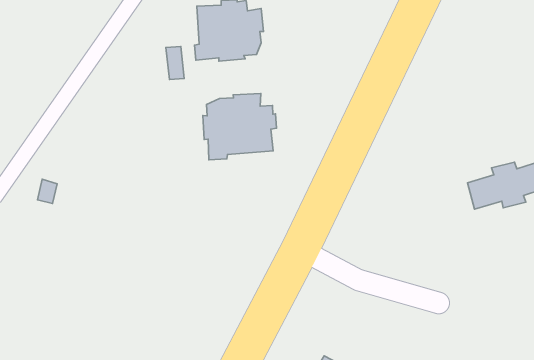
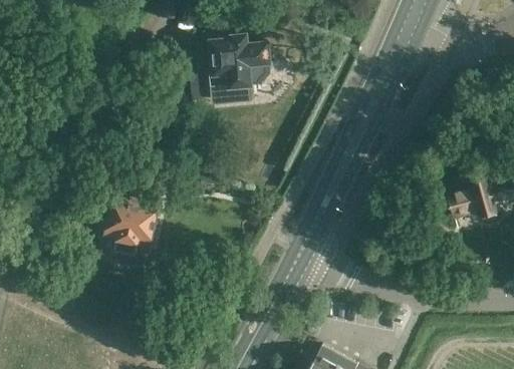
building: [203,93,276,160] -> none
building: none -> [93,190,159,258]

